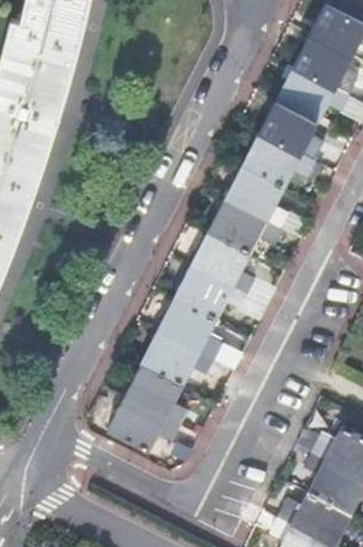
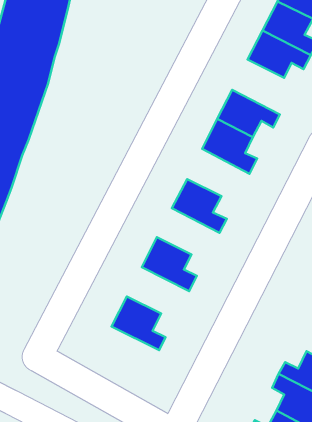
building: [262,99,323,160] -> none
building: [211,199,281,252] -> none
building: [177,265,247,317] -> none
building: [144,331,213,383] -> none
building: [110,398,180,451] -> none

